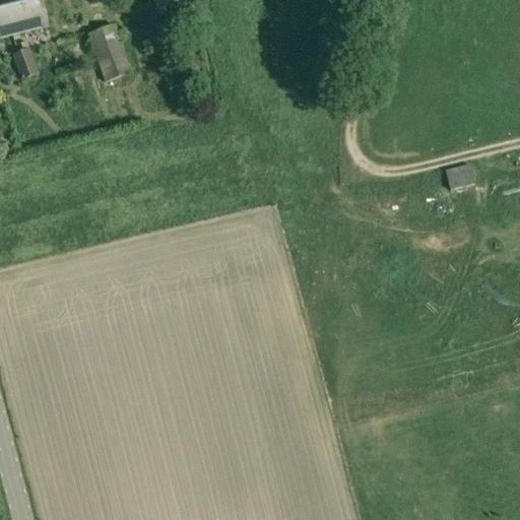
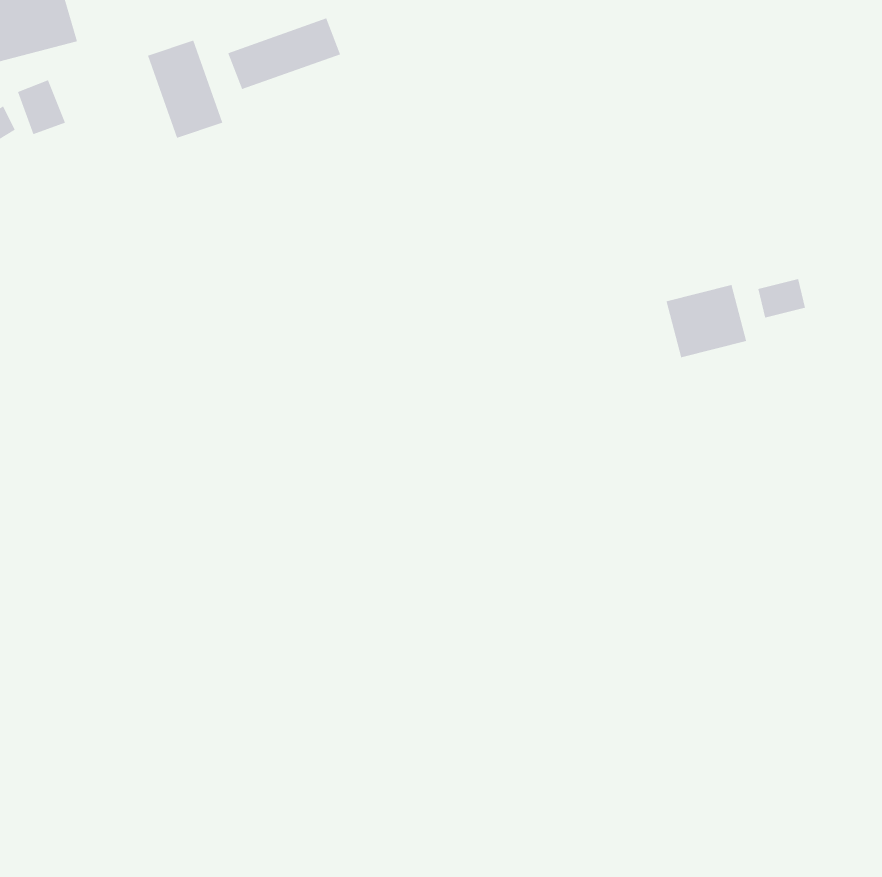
building: none -> [227,18,341,90]
building: none -> [666,284,747,358]

